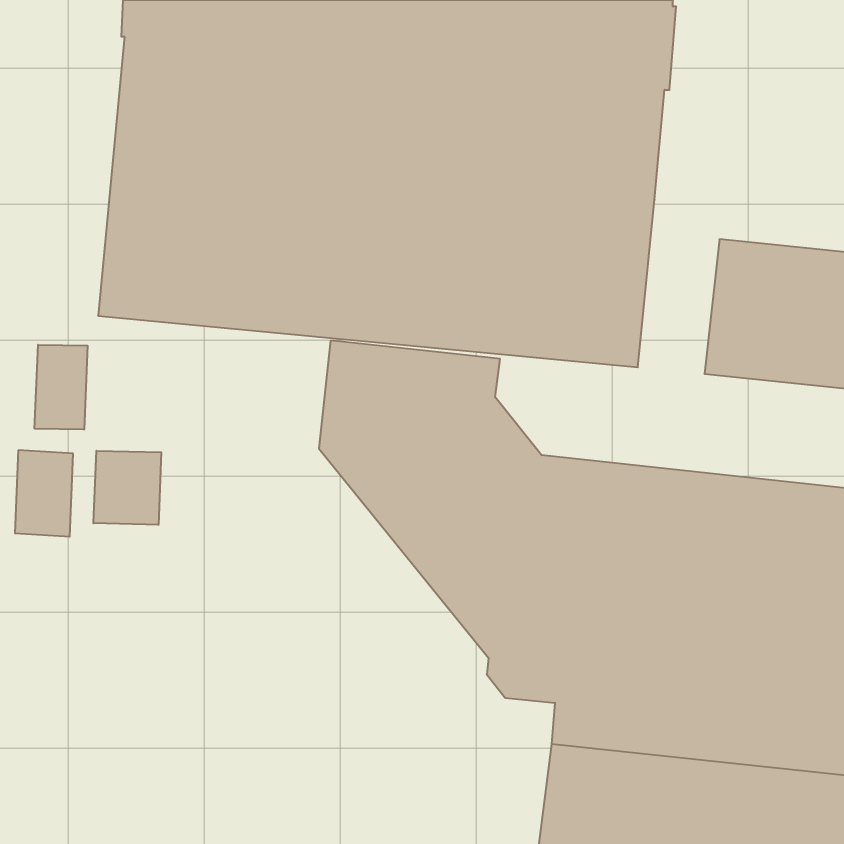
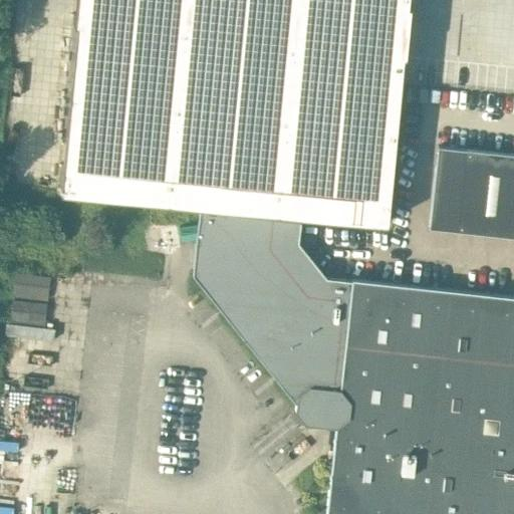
building: [35,345,88,430] -> none
building: [93,451,161,525] -> none

